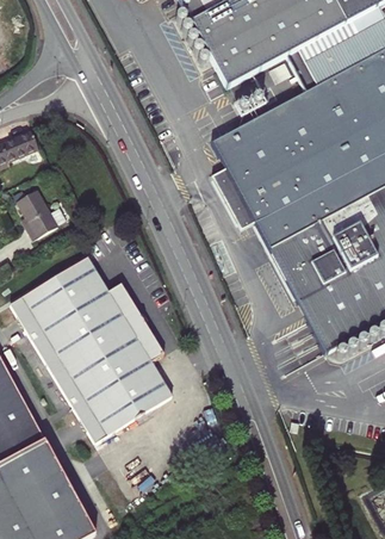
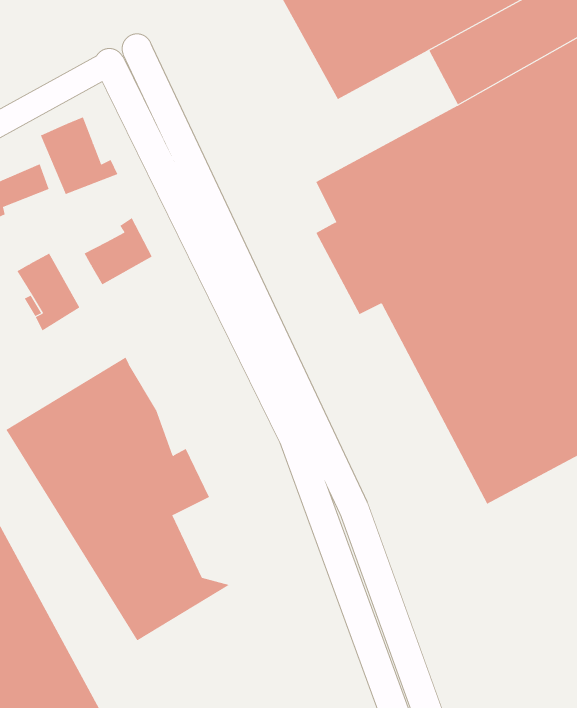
building: none -> [40,116,118,195]
building: none -> [84,217,153,285]
building: [108,281,173,404] -> none

